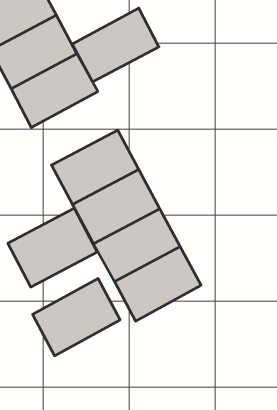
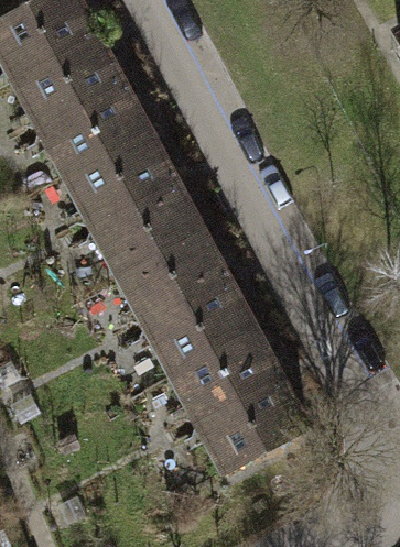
building: [72,8,159,82] -> [65,132,174,225]
building: [8,208,97,287] -> none
building: [33,279,120,356] -> [196,375,306,472]

